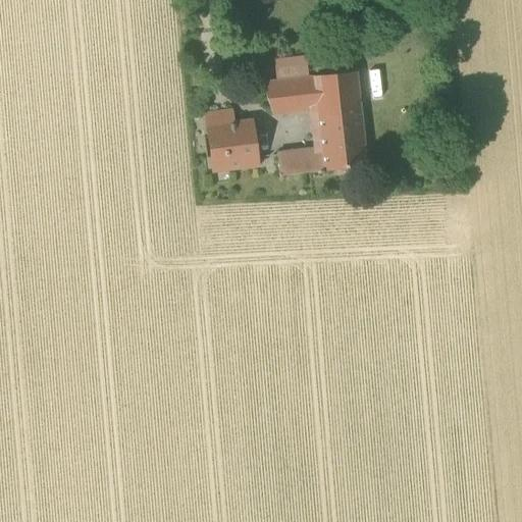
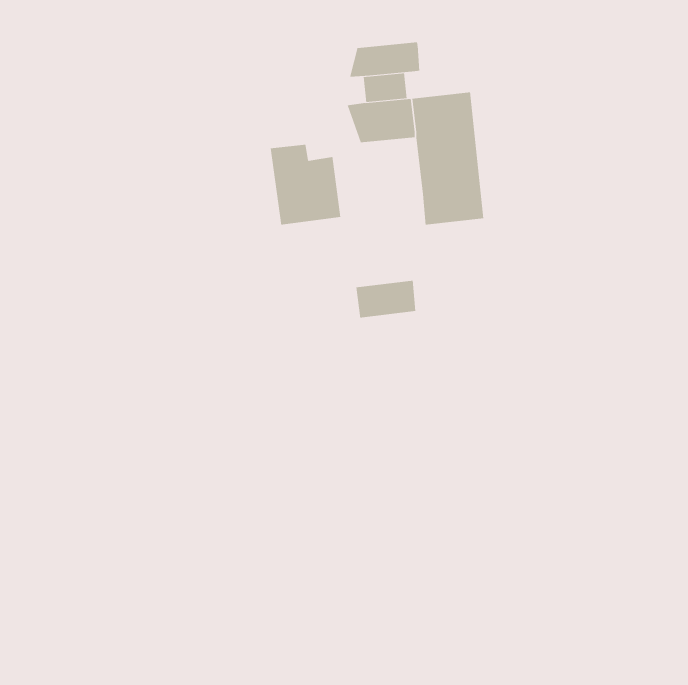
building: none -> [350,42,420,78]
building: [276,147,322,175] -> [355,280,416,318]

